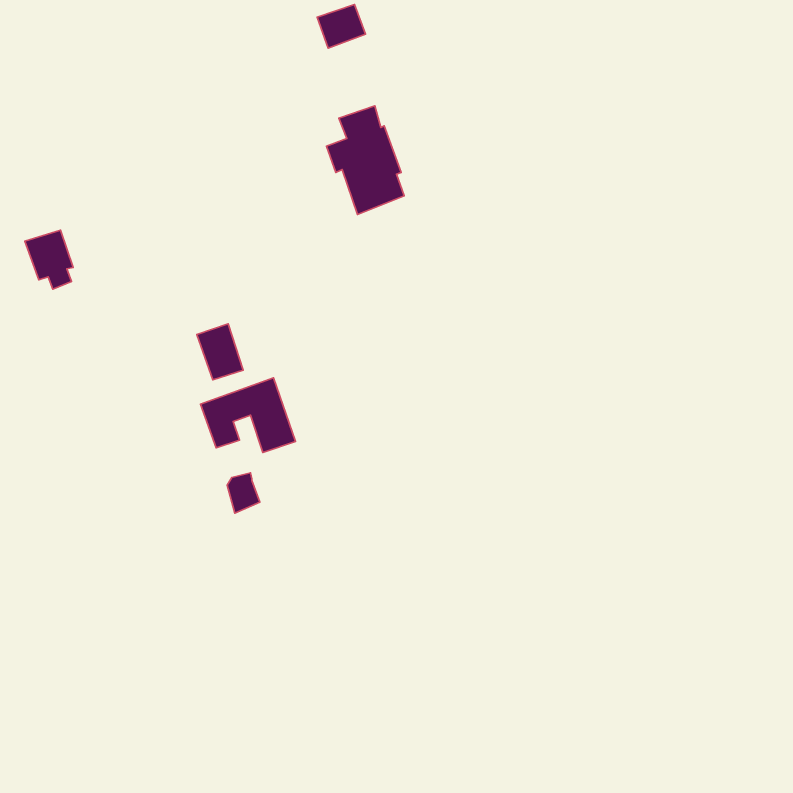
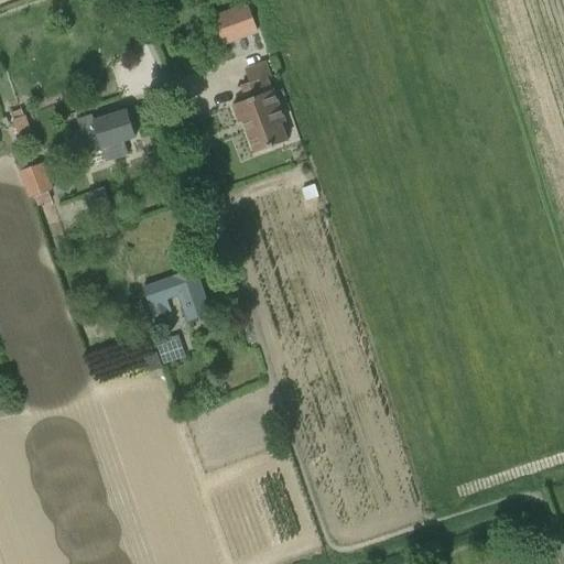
building: none -> [75,109,134,161]
building: [197,324,243,380] -> none

